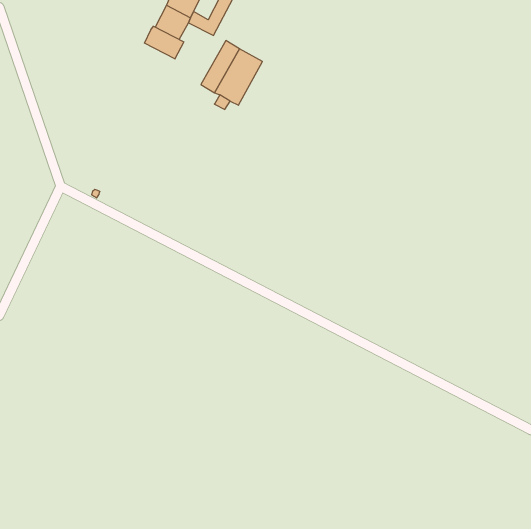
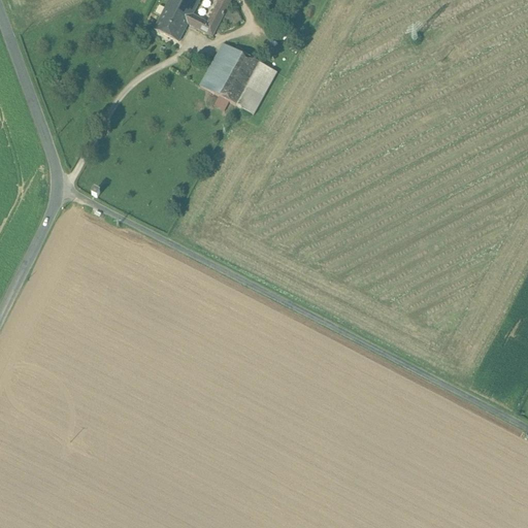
building: [145,26,184,59] -> none
building: none -> [236,61,276,113]

